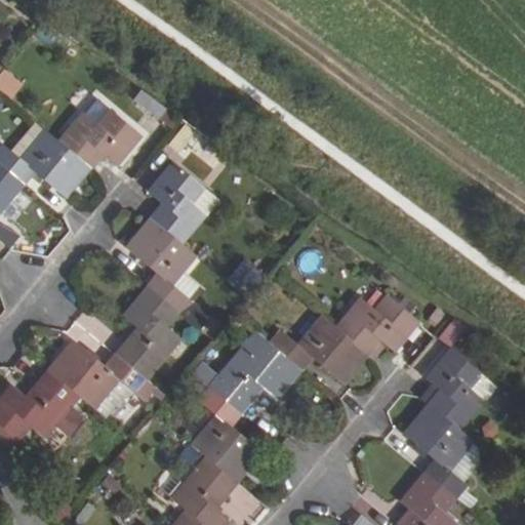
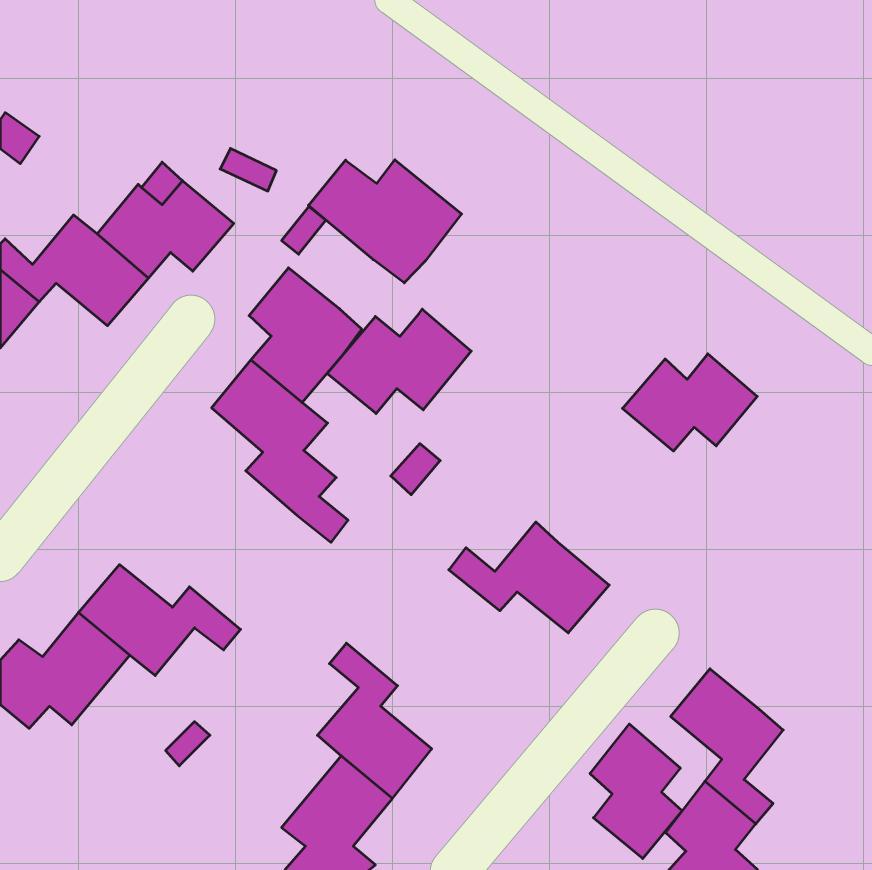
building: none -> [308,160,462,283]
building: none -> [327,309,471,414]
building: [114,284,180,379] -> none
building: [335,294,416,353] -> [622,354,757,451]
building: [208,344,300,413] -> none
building: [425,347,480,428] -> [590,724,682,859]

